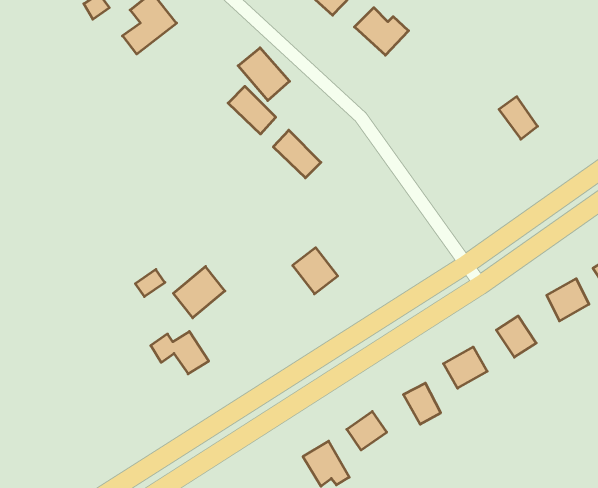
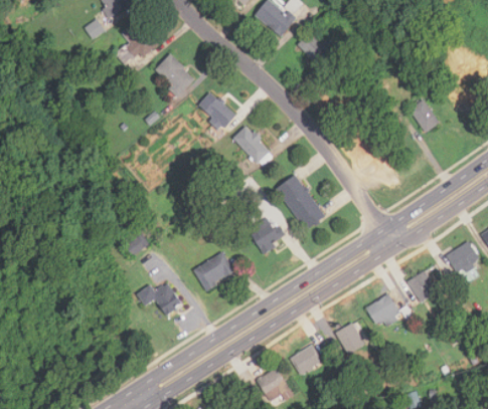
building: [238,48,290,101] -> [155,54,195,95]
building: none -> [277,175,326,230]
building: [173,266,225,318] -> [194,251,234,291]

